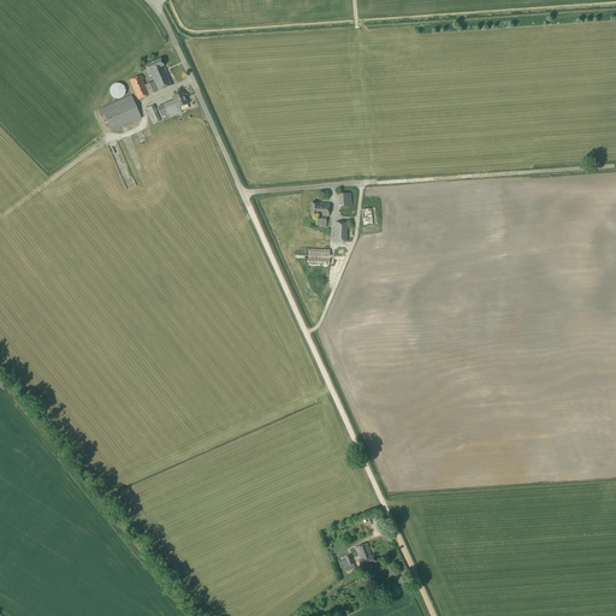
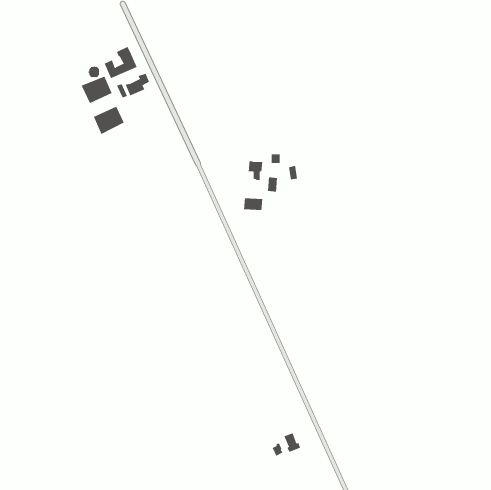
building: none -> [93,106,124,135]

